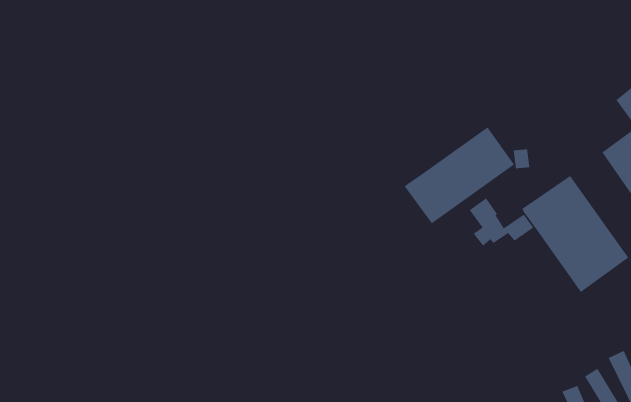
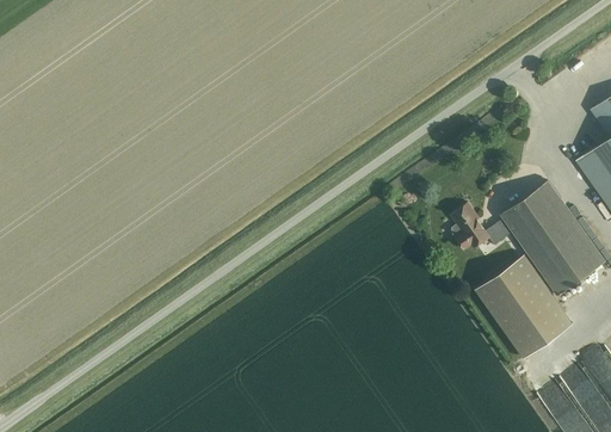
building: [404,126,515,224] -> none
building: none -> [475,255,573,359]

